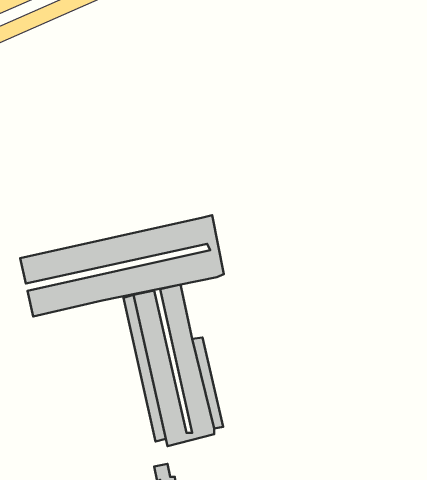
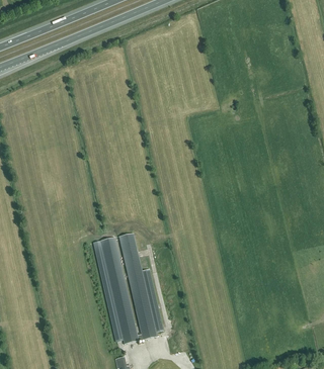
building: [20,215,224,316] -> none

